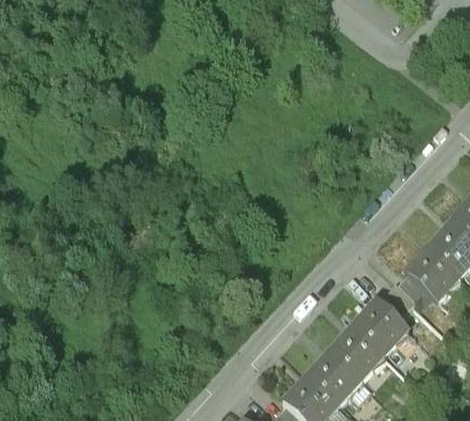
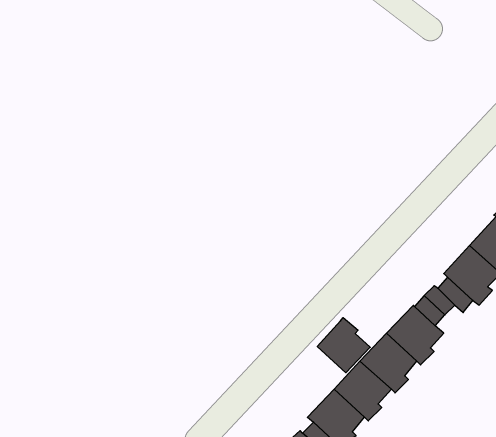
building: none -> [317,318,370,373]

